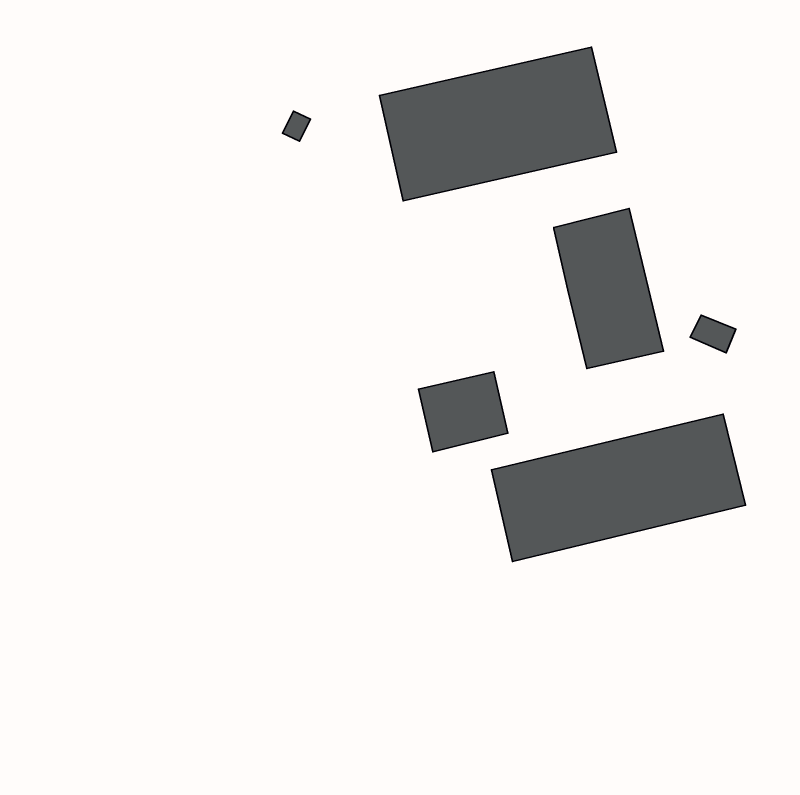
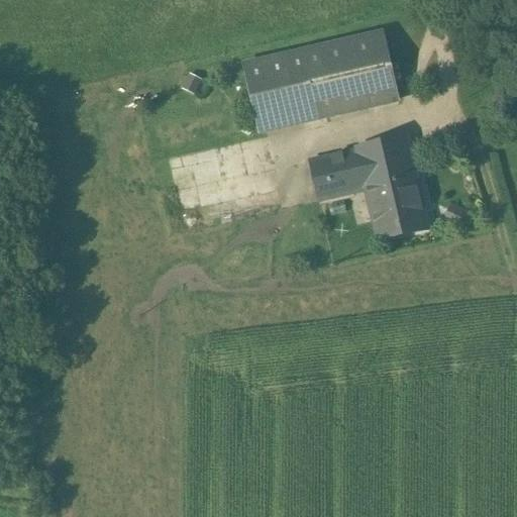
building: [419,372,508,452] -> [308,147,366,199]
building: [491,414,746,561] -> none

